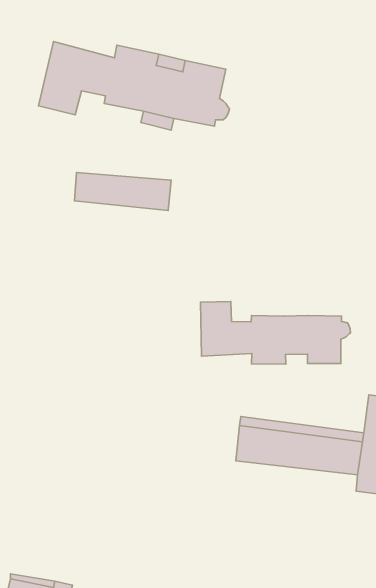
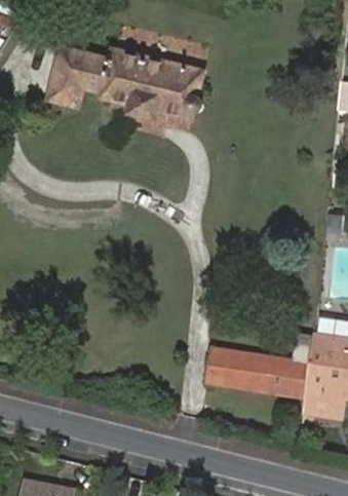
building: [75,172,171,210] -> none
building: [201,301,350,364] -> none

